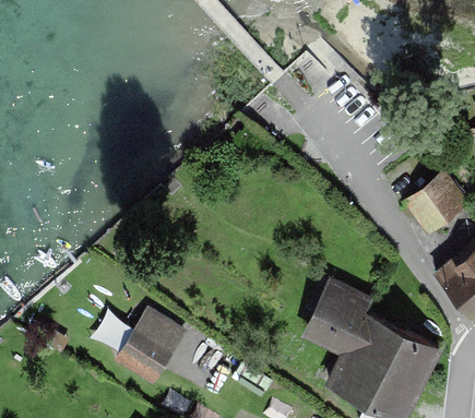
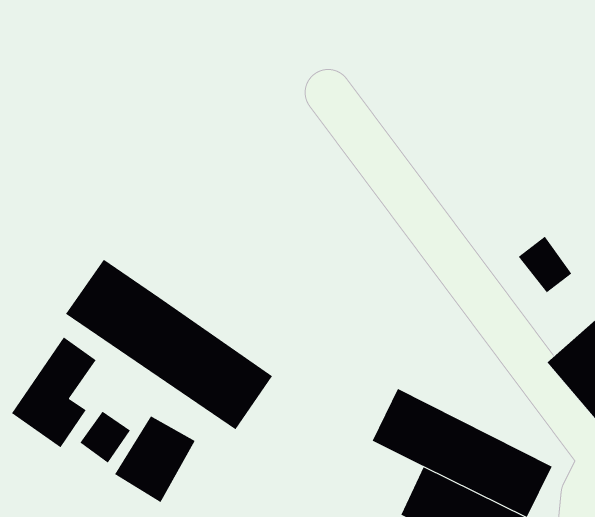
building: none -> [65,259,273,430]
building: none -> [11,336,96,448]

